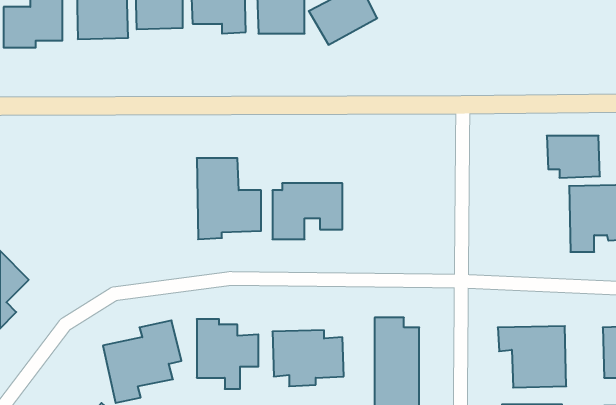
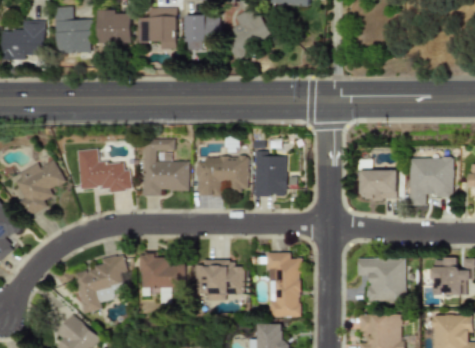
building: [547,136,600,178] -> [359,170,397,200]
building: none -> [76,149,131,192]
building: none -> [252,151,285,196]
building: none -> [13,159,63,216]

